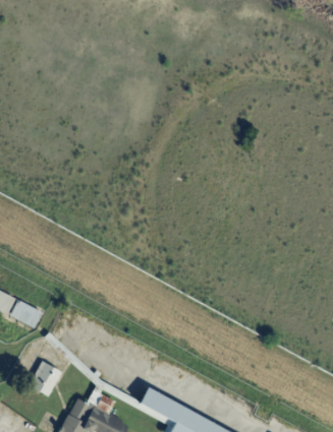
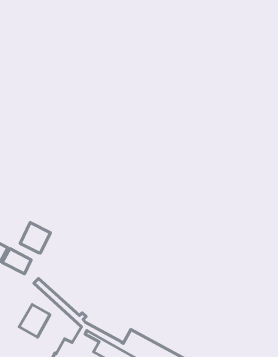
building: none -> [20,223,50,253]

